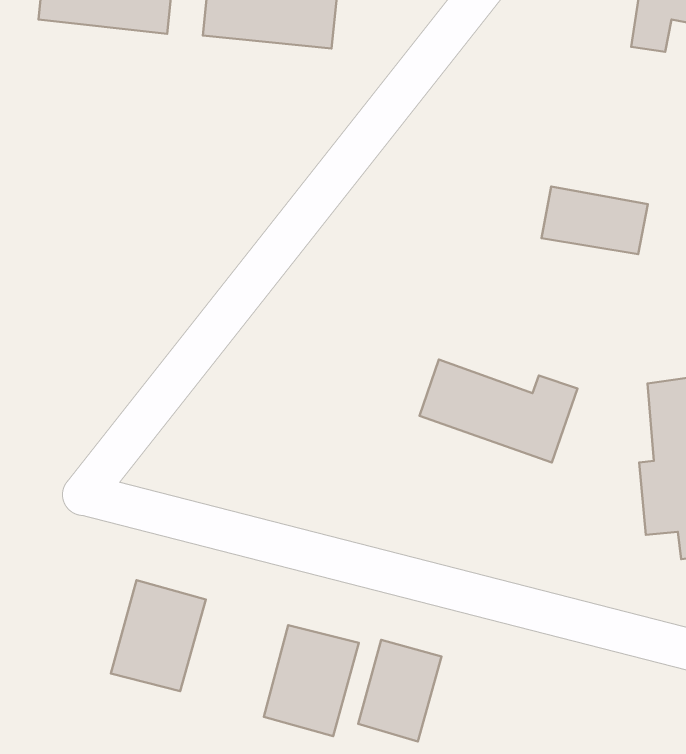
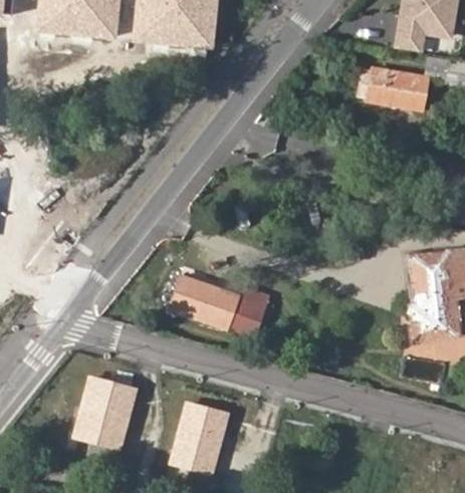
building: [542,187,648,254] -> [364,69,430,111]
building: [420,359,577,463] -> [173,274,271,338]
building: [358,640,442,742] -> none

